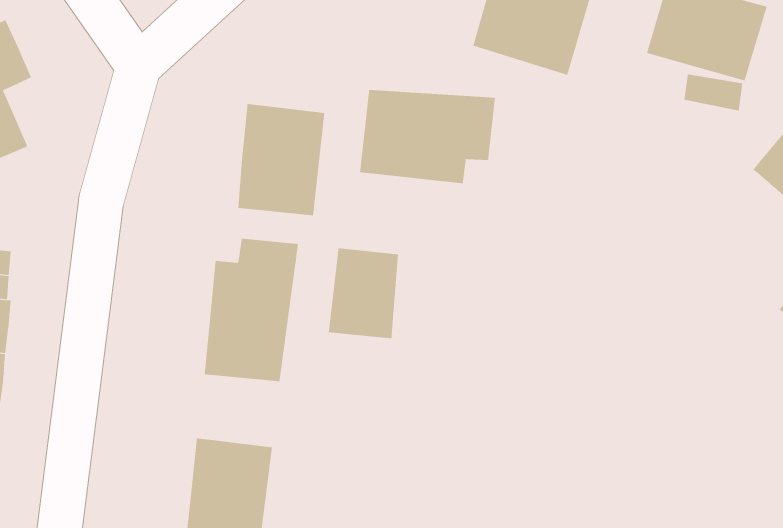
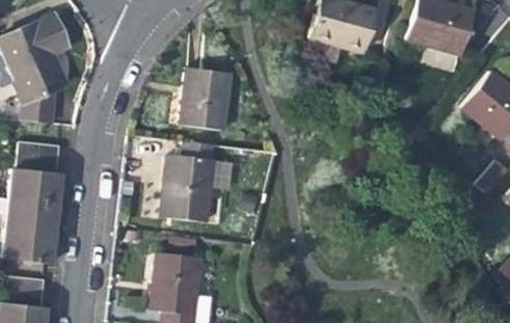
building: [360,89,496,184] -> none
building: [328,247,399,339] -> none

